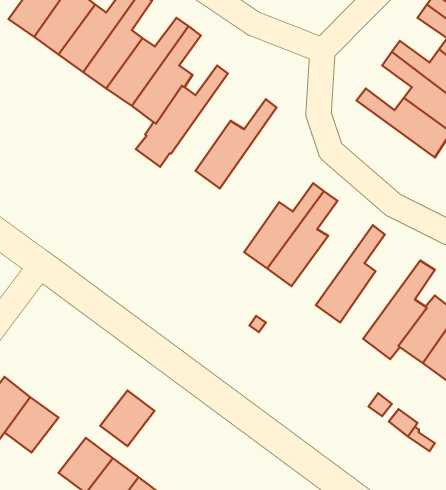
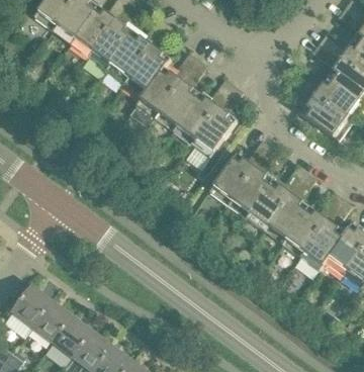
building: none -> [156,59,208,131]
building: none -> [287,79,353,142]
building: none -> [192,84,245,158]
building: none -> [246,166,306,231]
building: none -> [282,192,342,257]
building: [100,391,154,446] -> [52,315,92,357]

